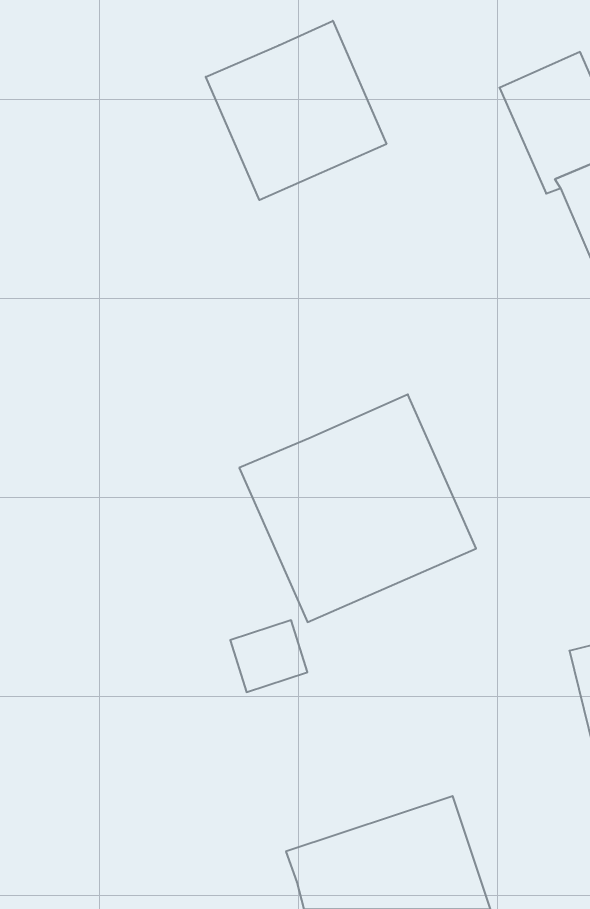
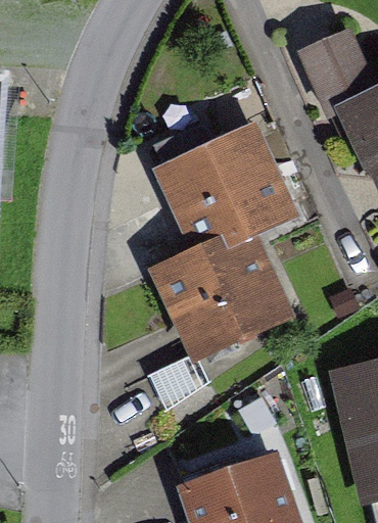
building: [206,21,386,200] -> none
building: none -> [158,124,290,249]

